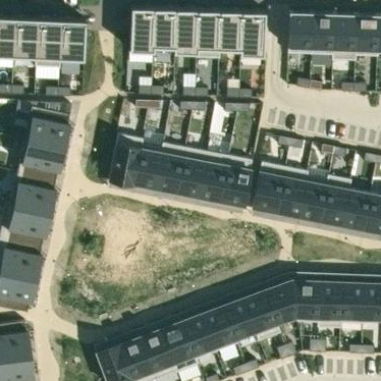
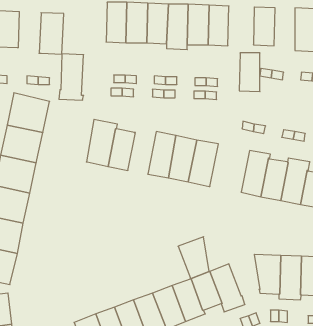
building: [313,14,335,56] -> [239,53,260,92]
building: [35,18,61,68] -> [59,54,84,100]
building: [155,144,185,194] -> none
building: [253,163,286,213] -> none
building: [264,280,297,325] -> [178,237,209,278]

